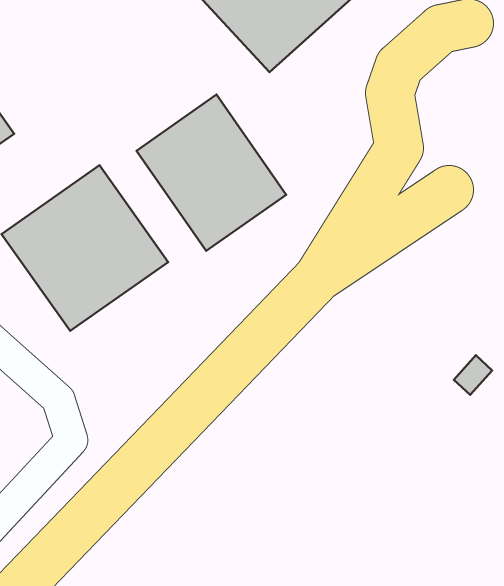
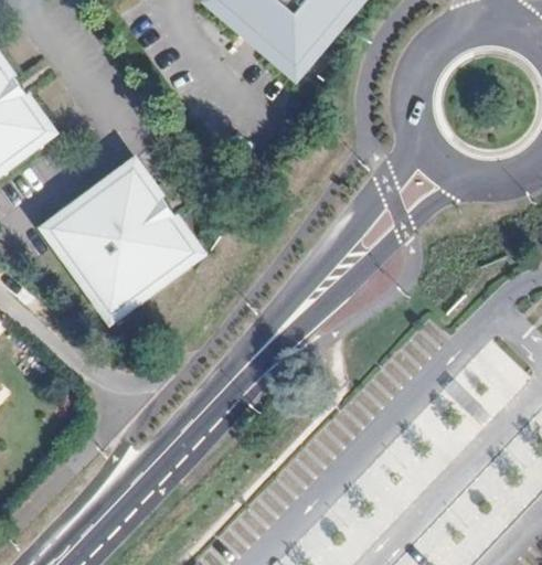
building: [136,95,286,251] -> none

